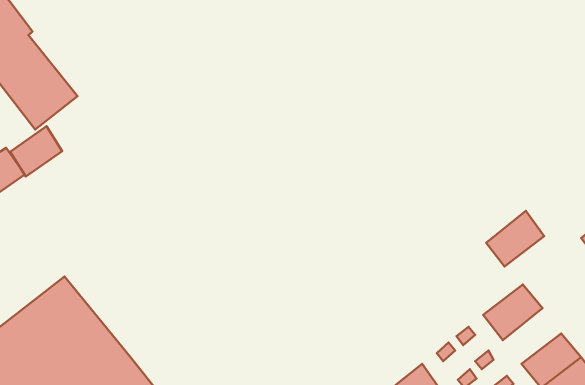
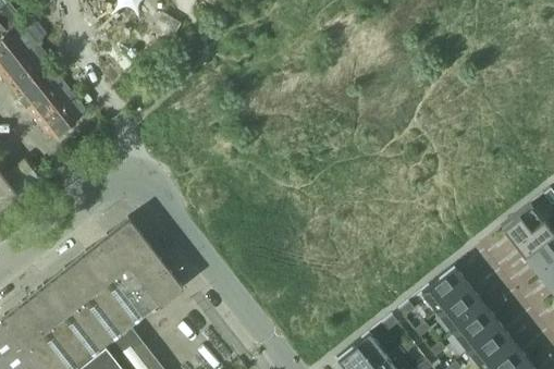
building: [10,126,62,176] -> none
building: [486,211,544,267] -> [438,290,485,335]
building: none -> [77,221,184,330]

